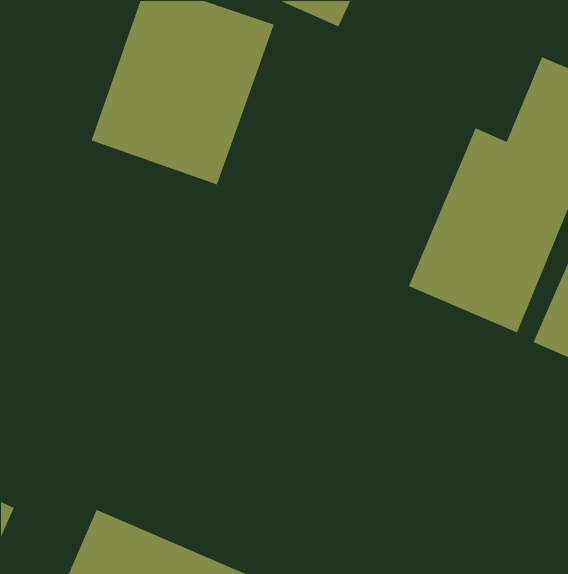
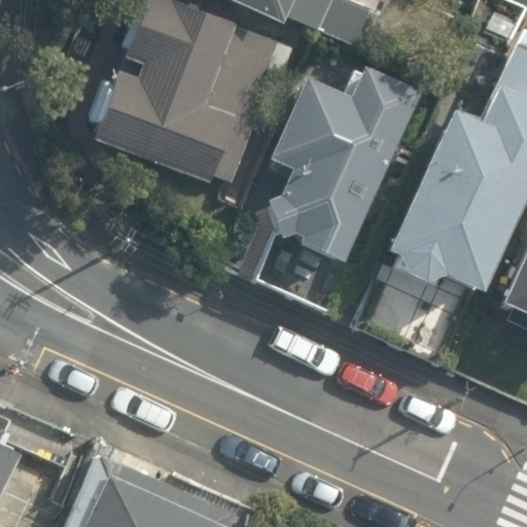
building: none -> [253,68,415,271]

